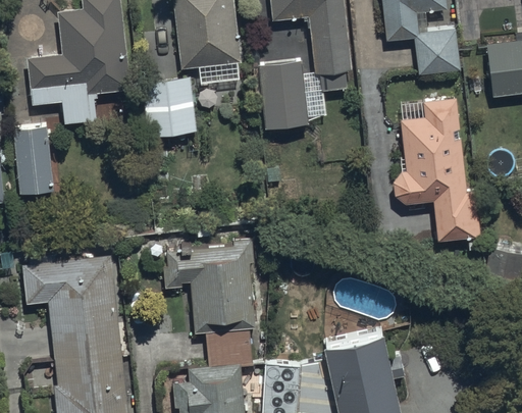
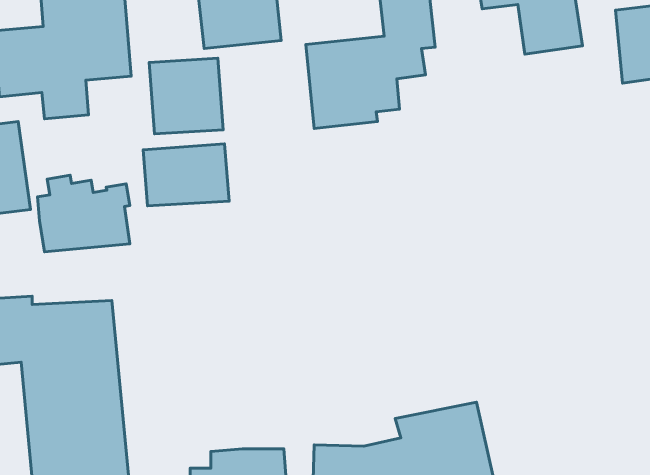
building: [394,99,481,238] -> none
building: none -> [143,144,229,206]
building: none -> [37,175,130,252]
building: [163,239,255,367] -> none

